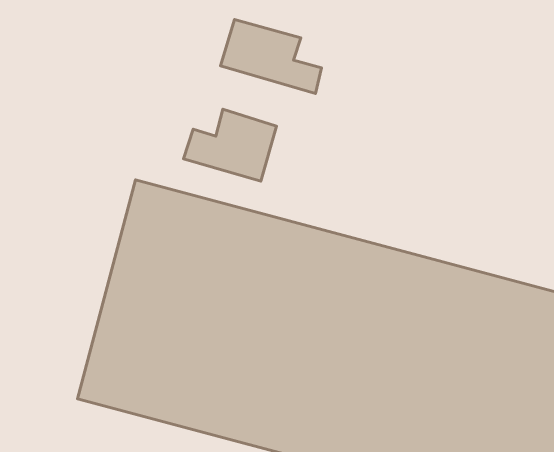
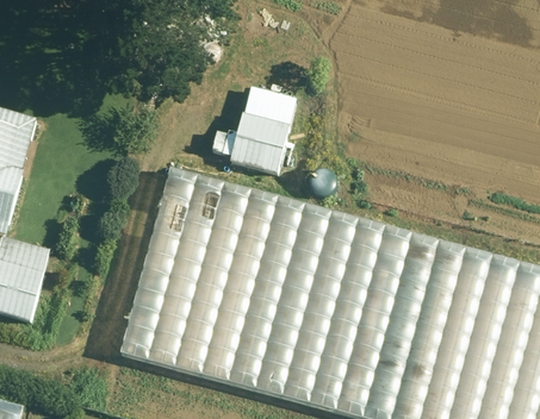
building: [220,20,322,93] -> none

